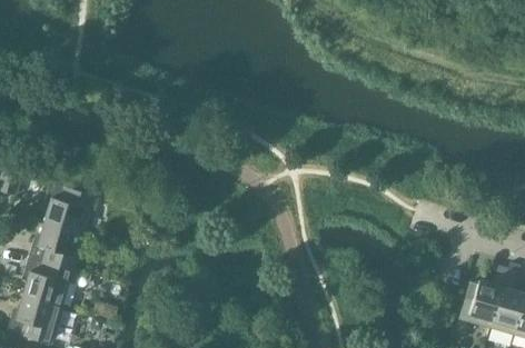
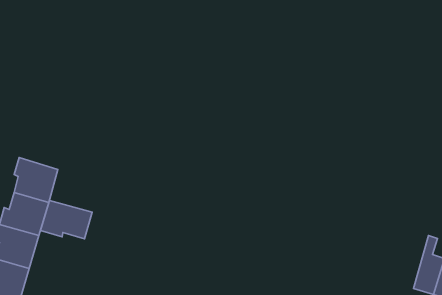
building: none -> [40,200,92,239]
building: [458,268,507,329] -> none

